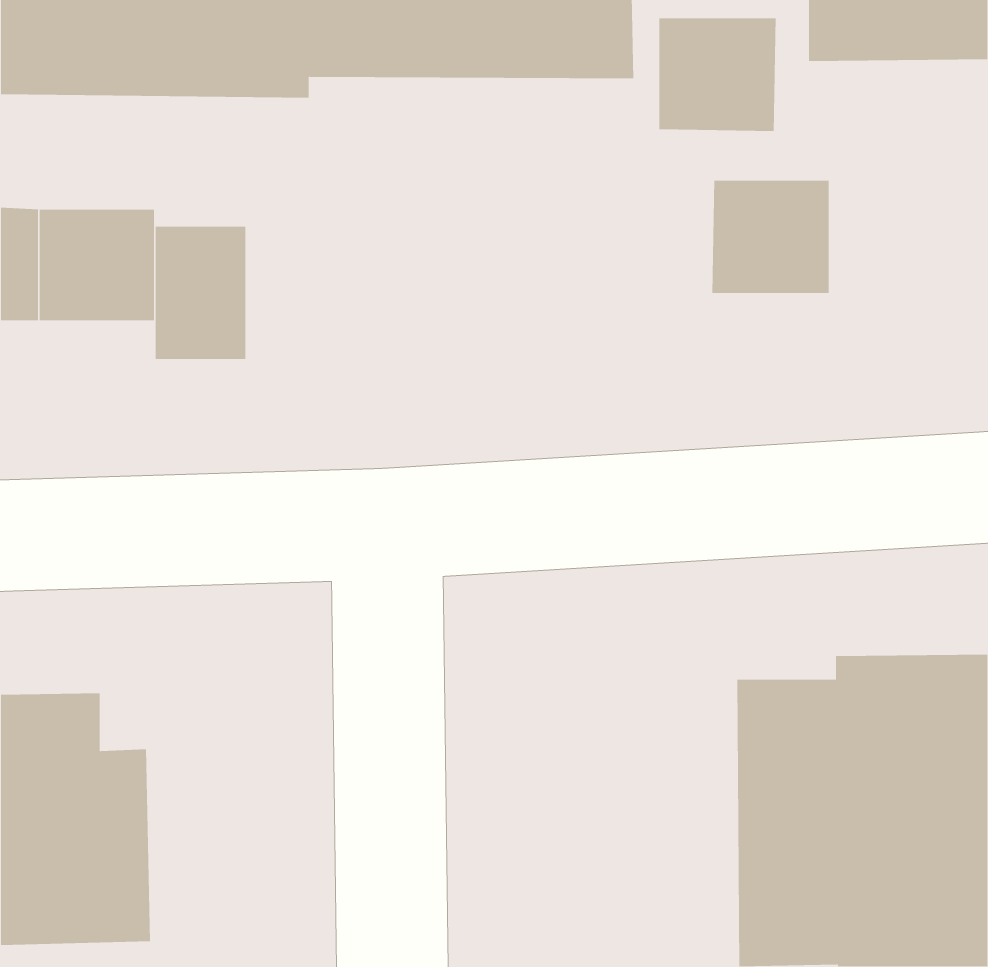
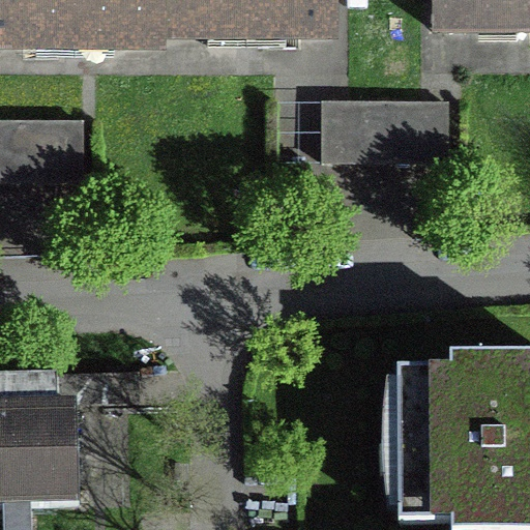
building: [659,18,777,132] -> [319,96,382,157]
building: [155,226,246,360] -> none

